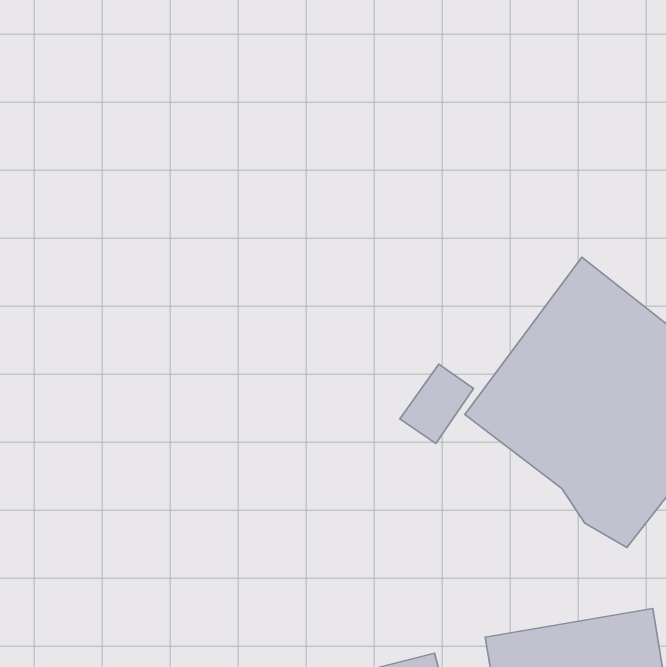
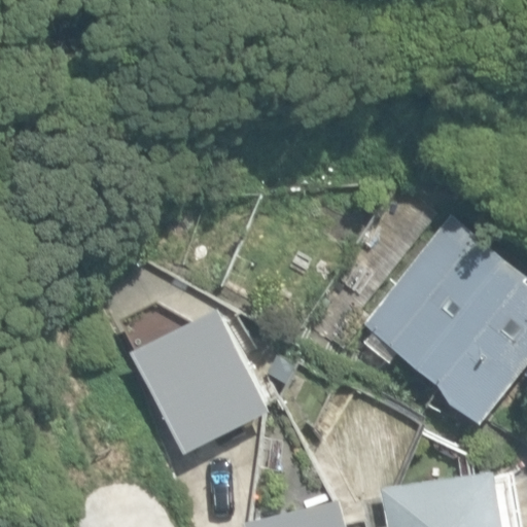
building: none -> [120,308,270,455]

